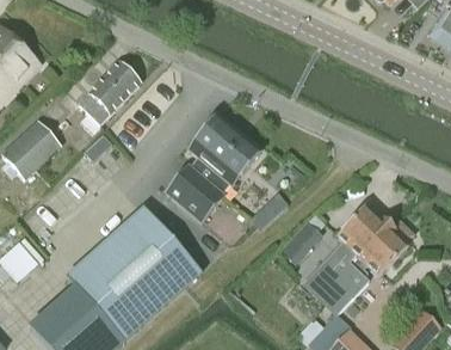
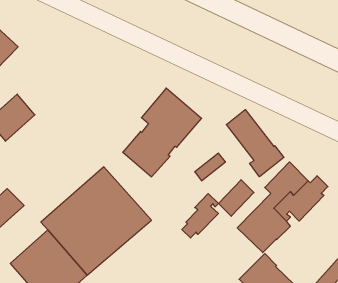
building: [78,61,140,131] -> none
building: none -> [226,110,284,177]
building: none -> [182,194,218,238]

